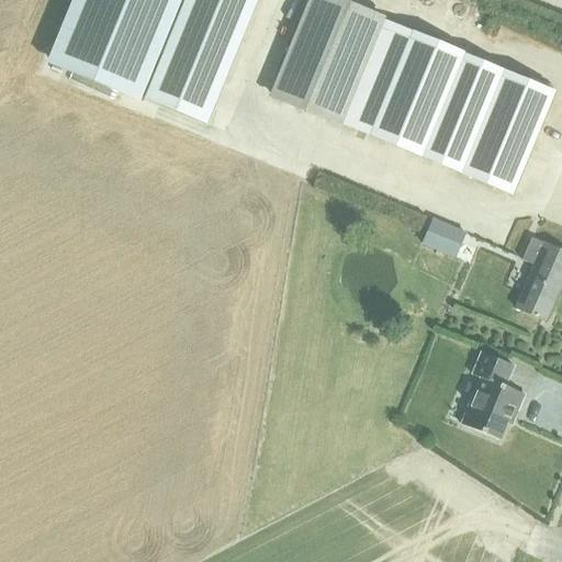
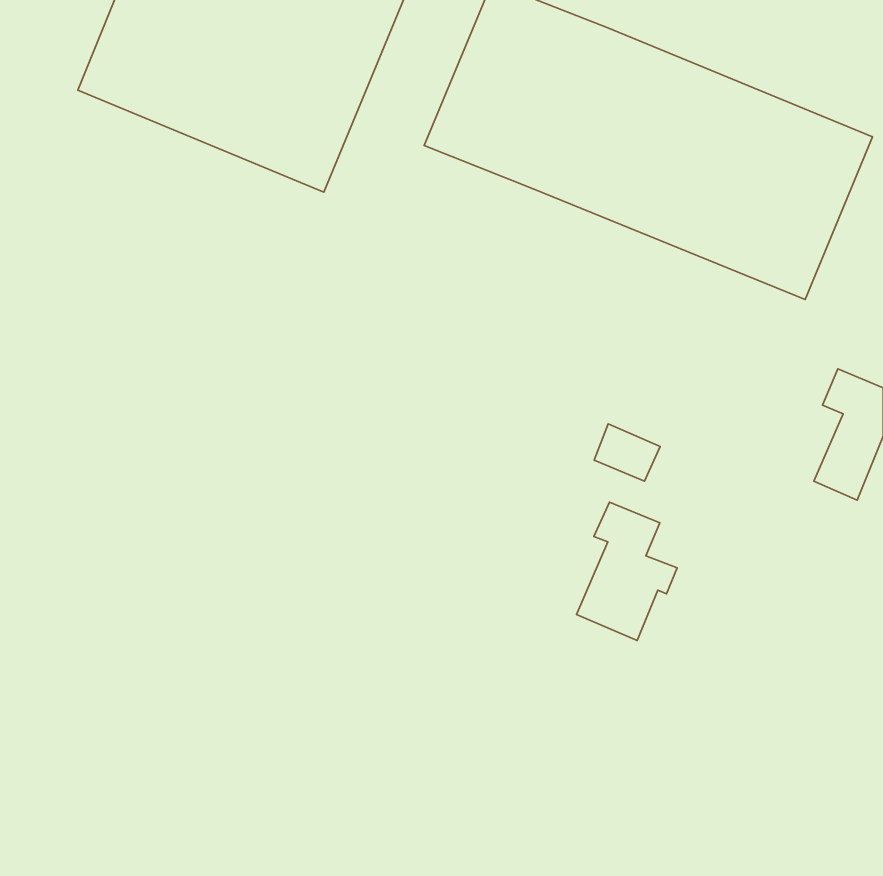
building: [422,215,463,251] -> [594,424,660,481]
building: [459,348,522,436] -> [577,502,677,641]

